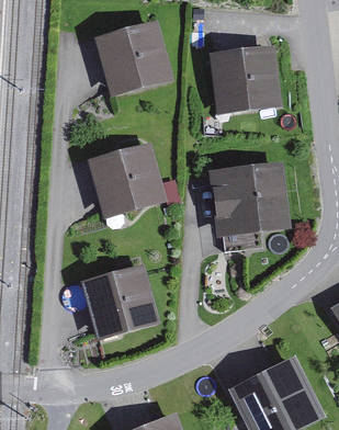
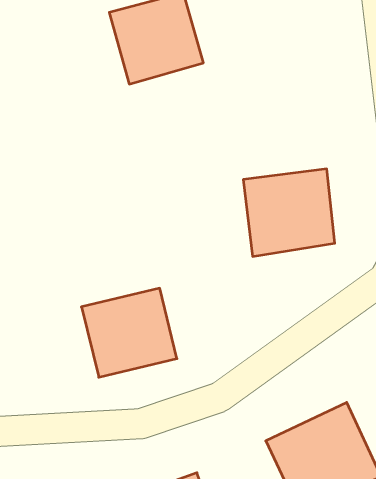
building: [211,46,282,112] -> none
building: [84,143,165,216] -> none

